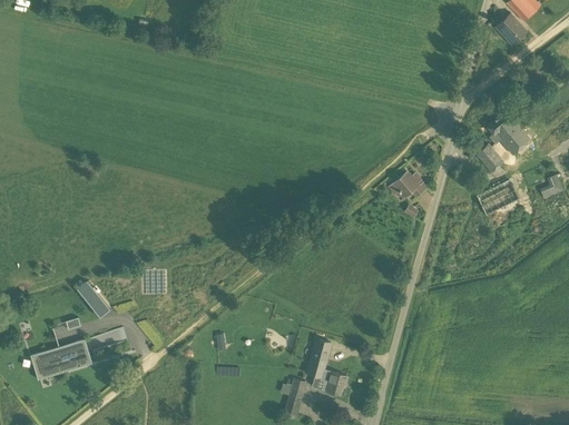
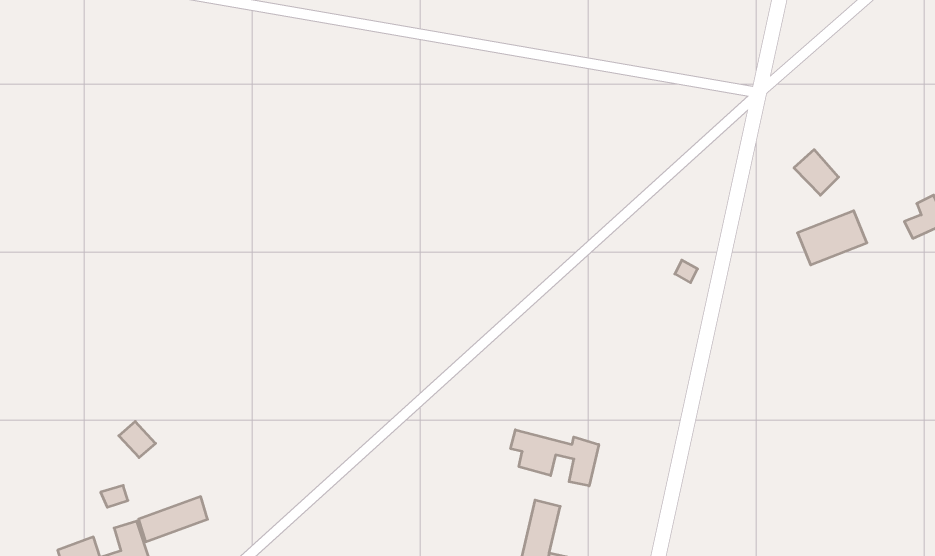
building: [487,110,530,155] -> none
building: [389,172,426,198] -> none
building: none -> [511,430,599,486]

